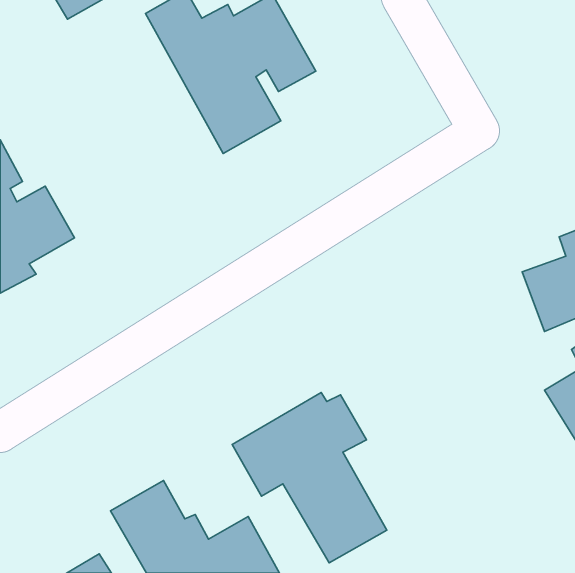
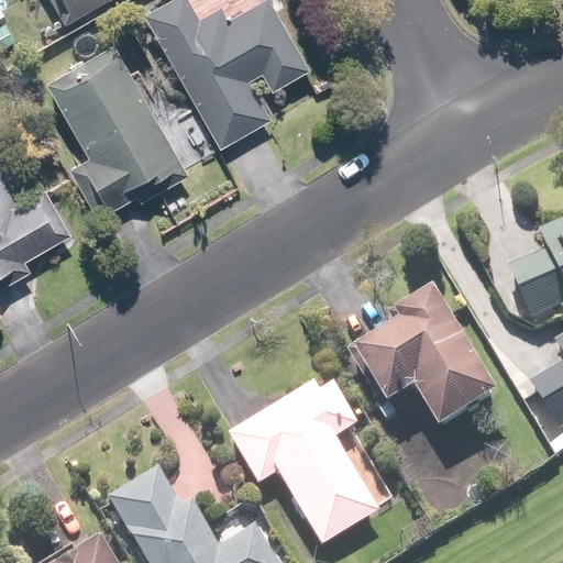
building: none -> [44,38,191,219]
building: none -> [352,287,504,431]

